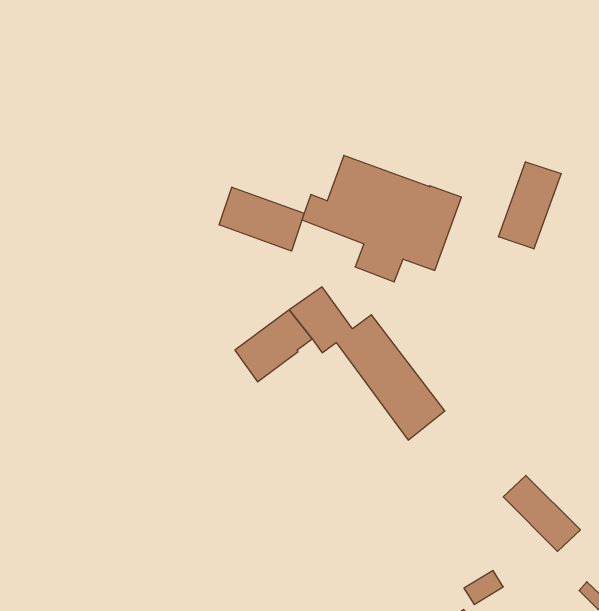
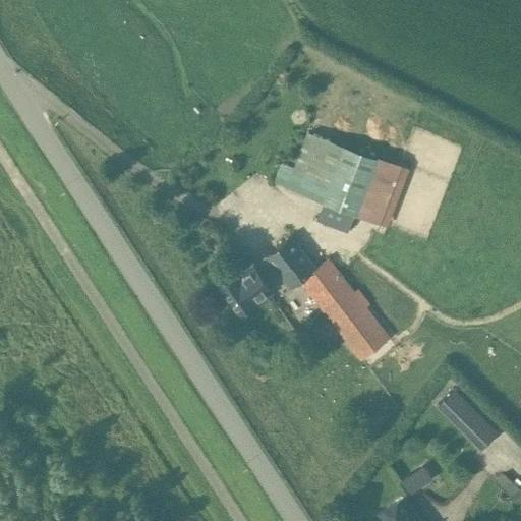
building: [498,162,561,249] -> none
building: [219,187,304,251] -> none

